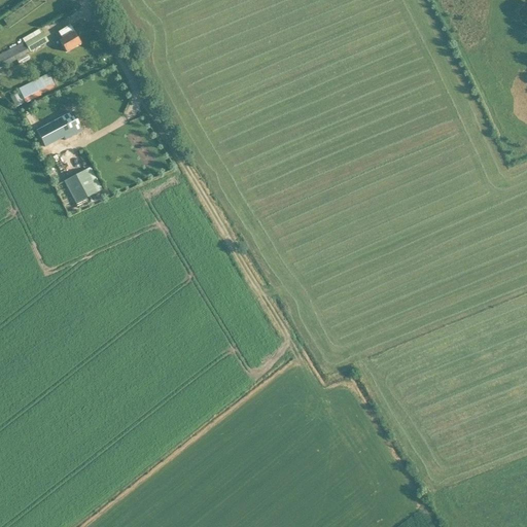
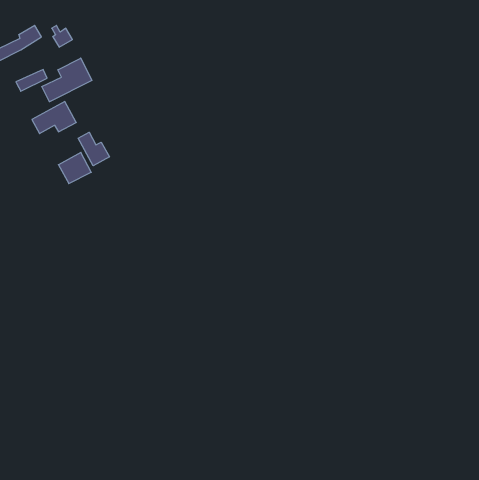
building: none -> [42,58,92,102]
building: none -> [78,132,109,166]

